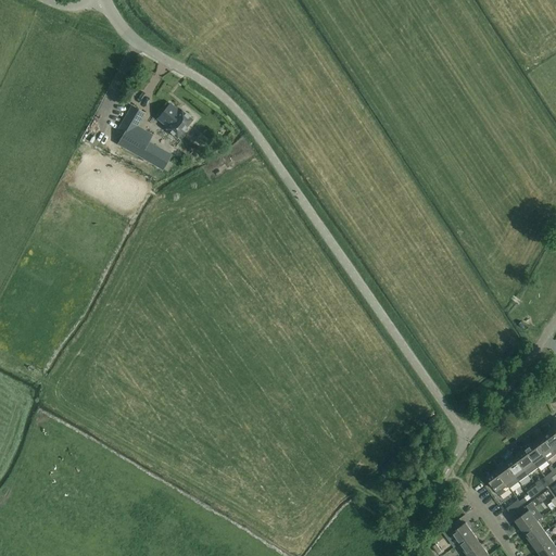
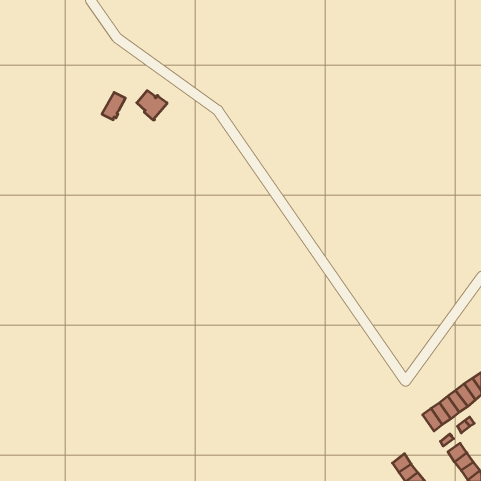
building: [134,137,169,170] -> none

